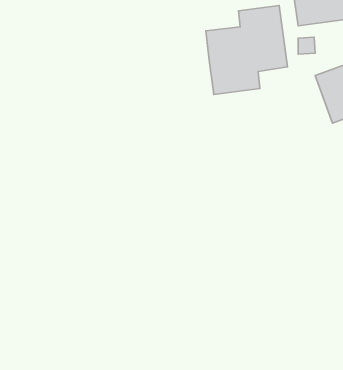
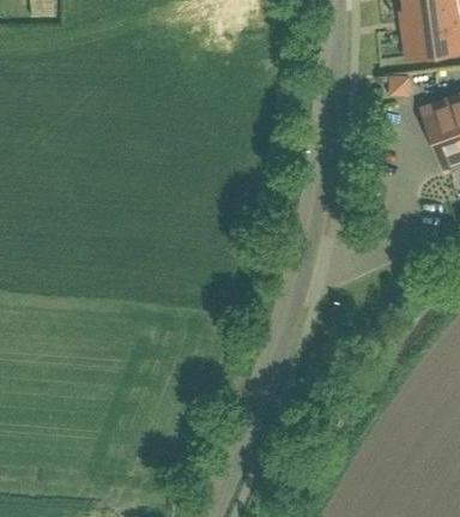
building: [206,5,287,95] -> none

